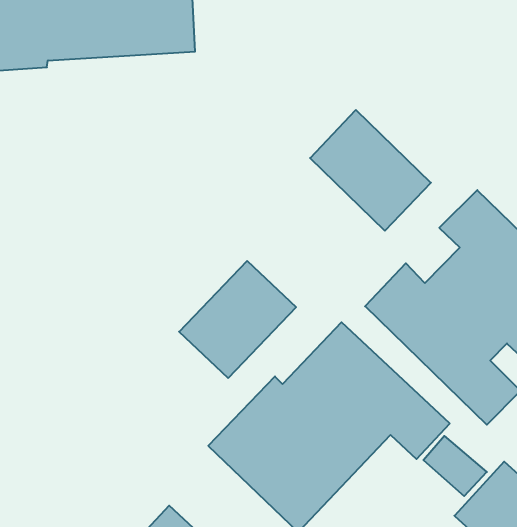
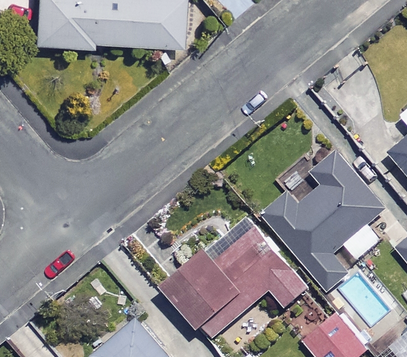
building: [310,110,431,231] -> none
building: [179,261,296,378] -> none

